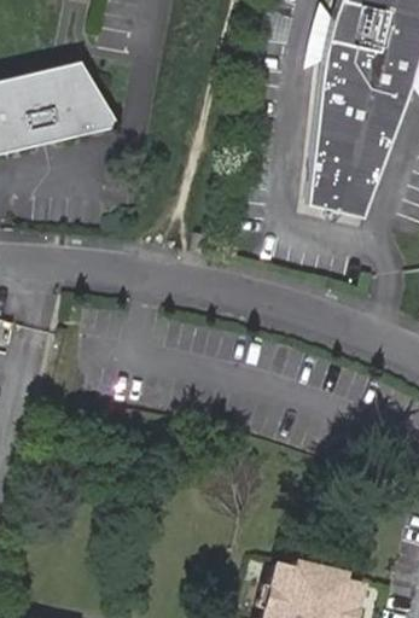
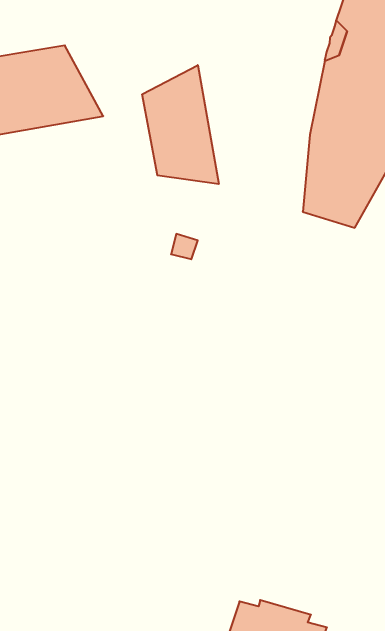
building: none -> [142,65,219,184]

